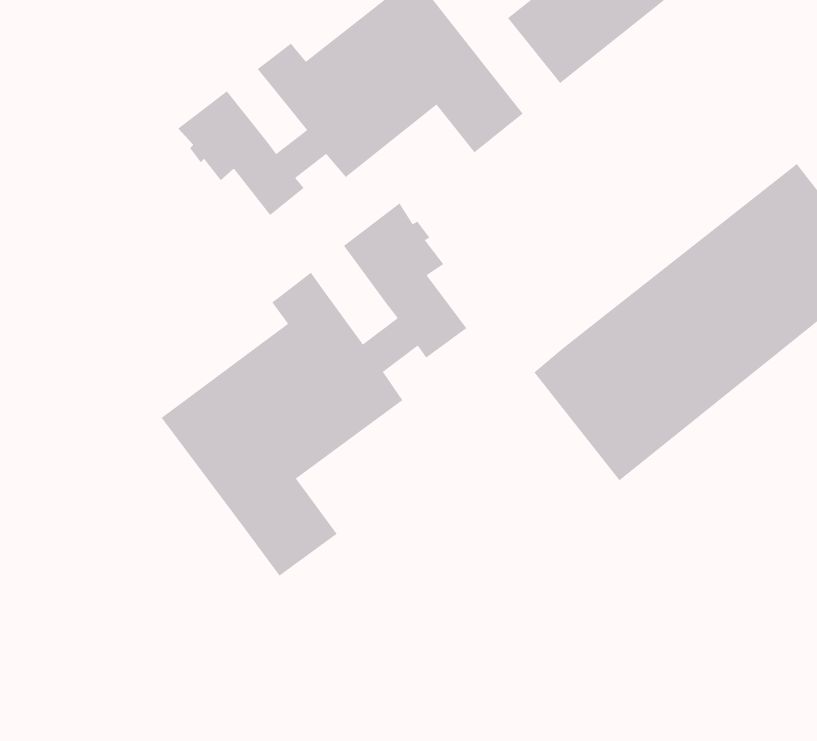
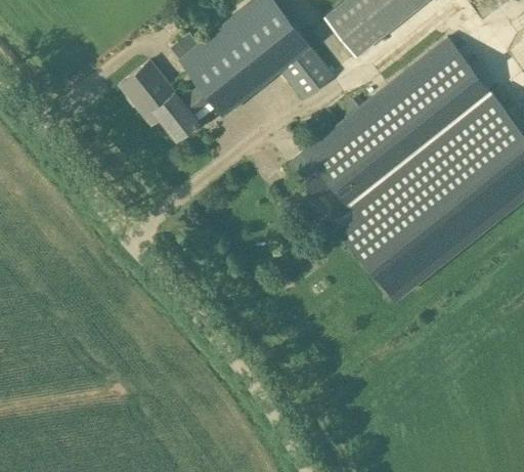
building: none -> [287,37,504,221]
building: [161,202,467,577] -> none

